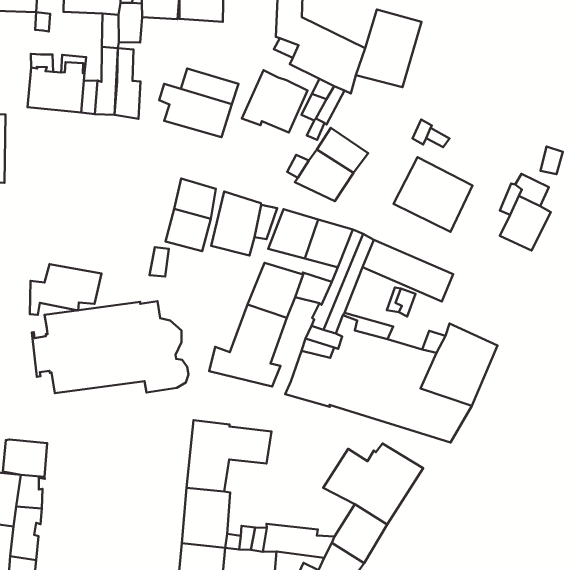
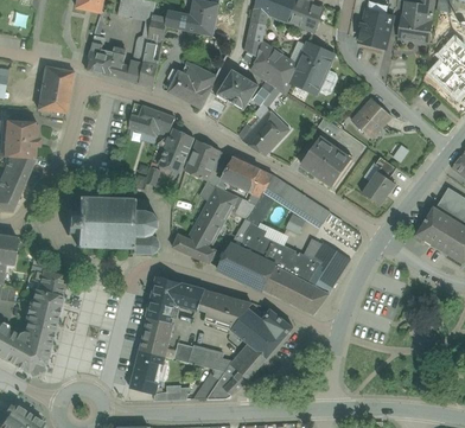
building: none -> [351,98,391,136]
building: [30,264,101,315] -> [127,106,174,136]
building: none -> [198,289,251,328]

